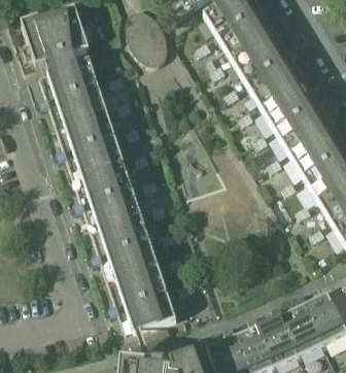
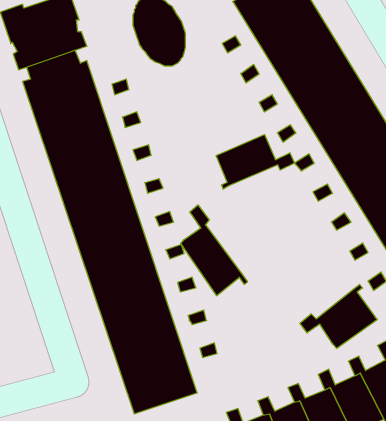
building: none -> [216,135,295,189]
building: none -> [181,205,247,296]
building: none -> [300,284,377,348]

